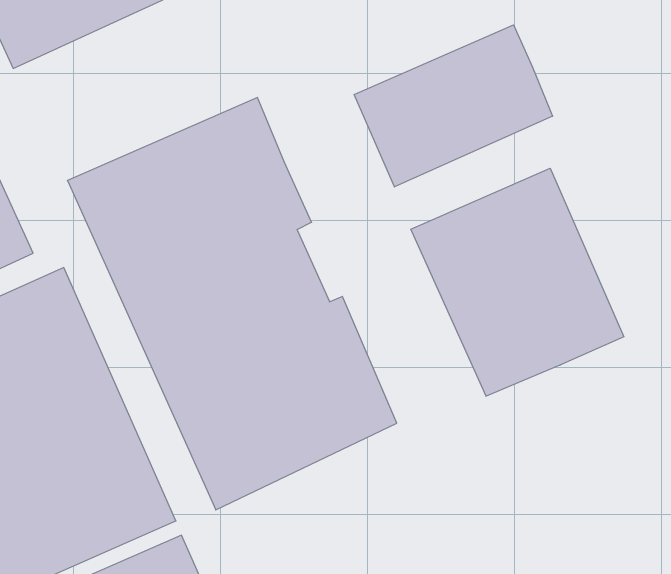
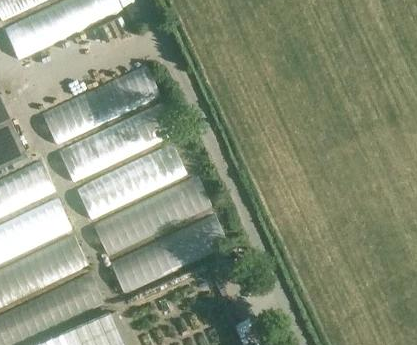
building: [354,25,553,187] -> none
building: [411,168,624,396] -> none

